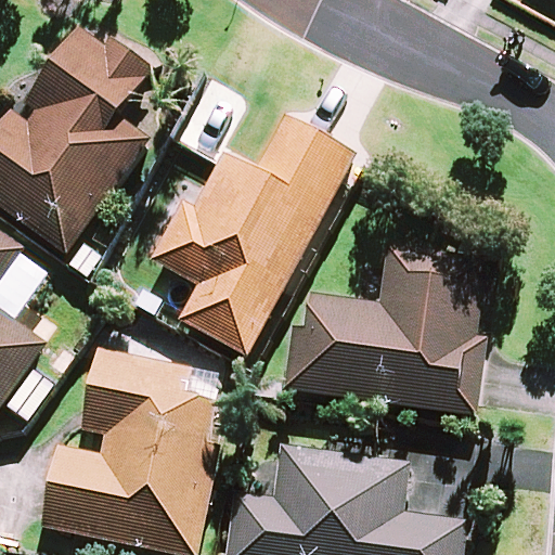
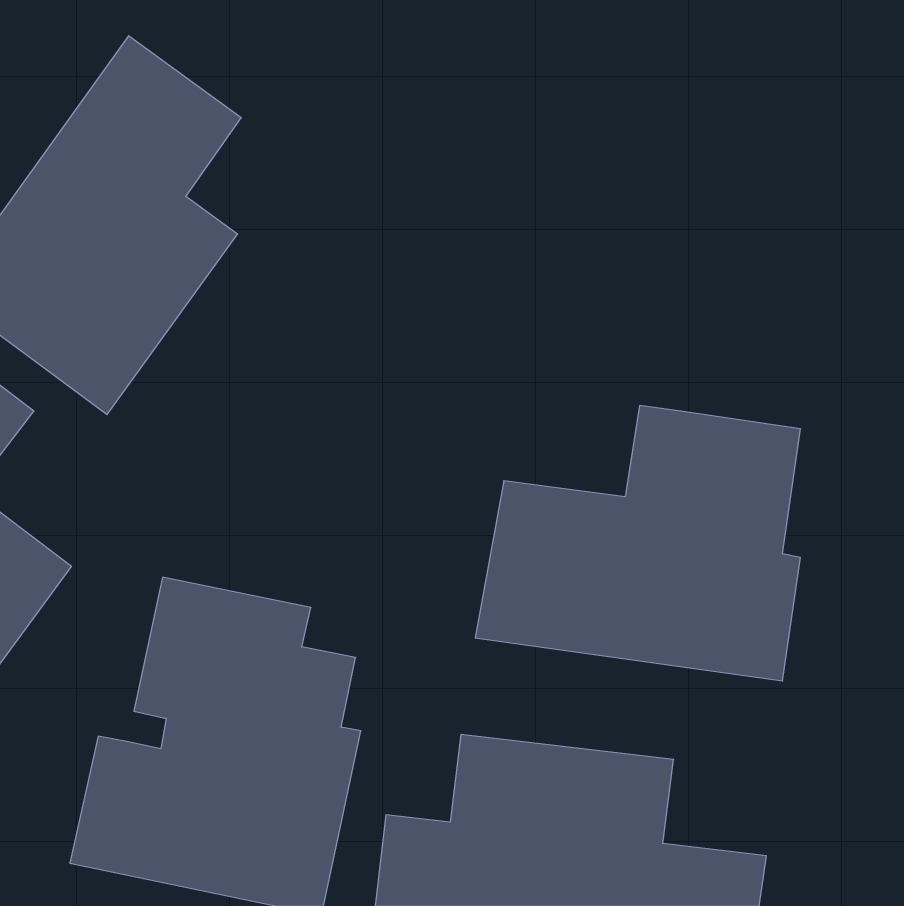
building: [149,115,354,353] -> none

